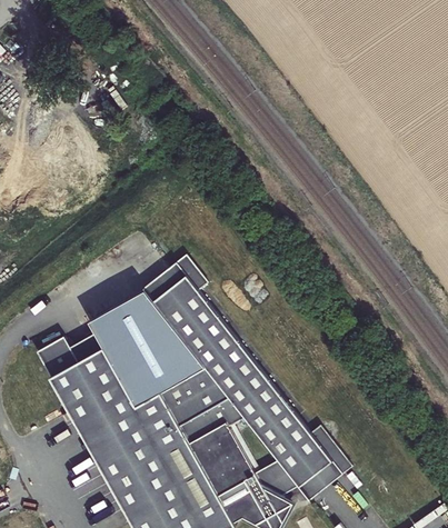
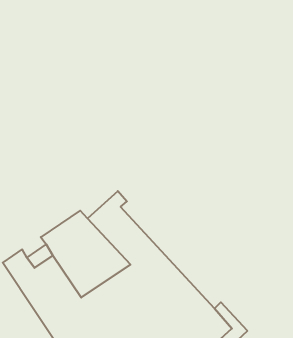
building: [140,258,192,305] -> none

